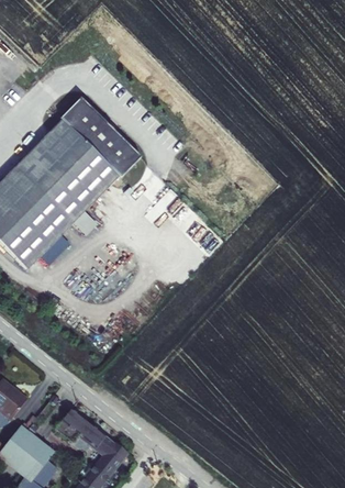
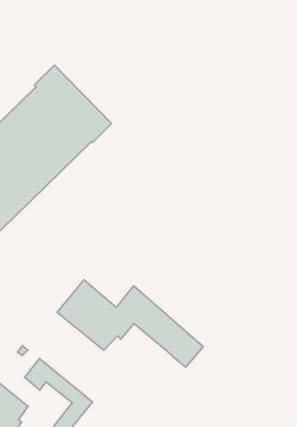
building: none -> [57,280,203,367]

